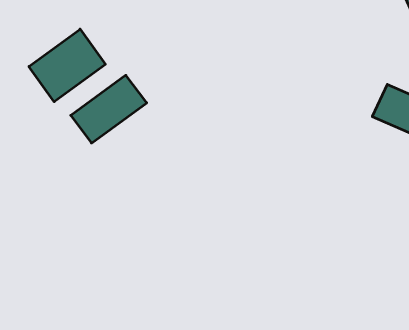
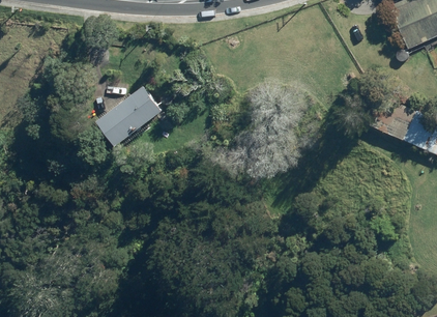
building: [29,29,105,102] -> none

